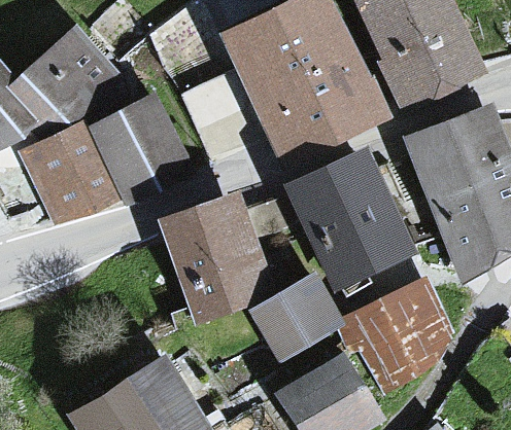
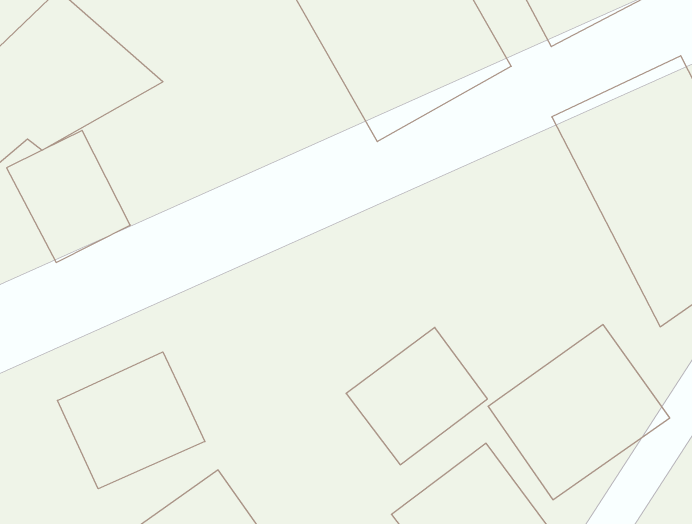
building: [95,92,192,194] -> none
building: [288,152,414,292] -> none
building: [156,191,274,325] -> none
building: none -> [57,352,205,489]

